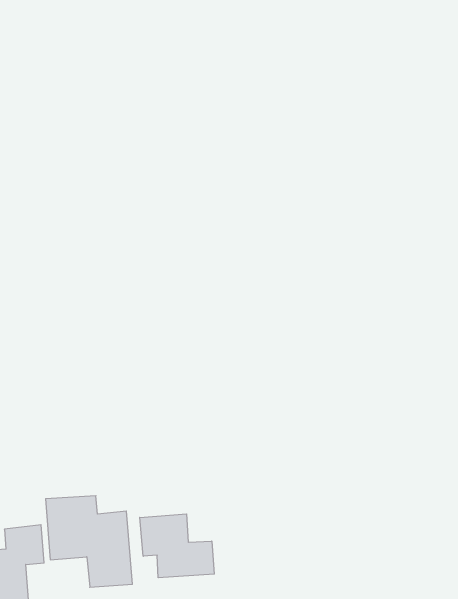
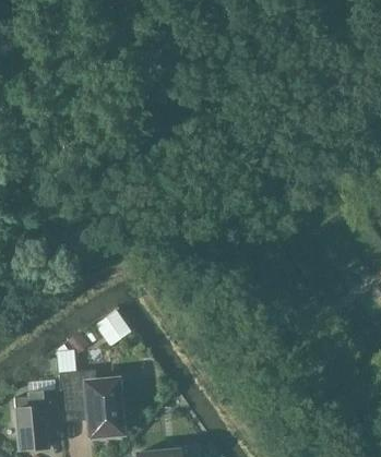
building: [140,514,214,578] -> none

